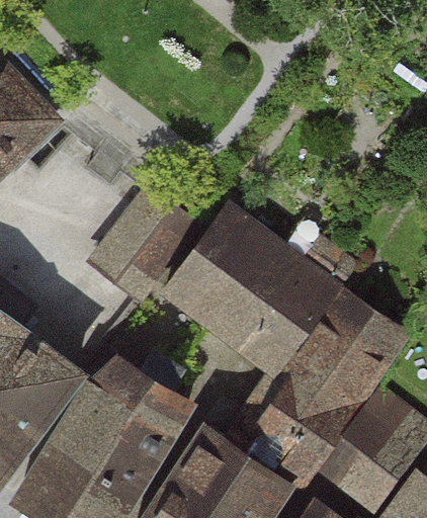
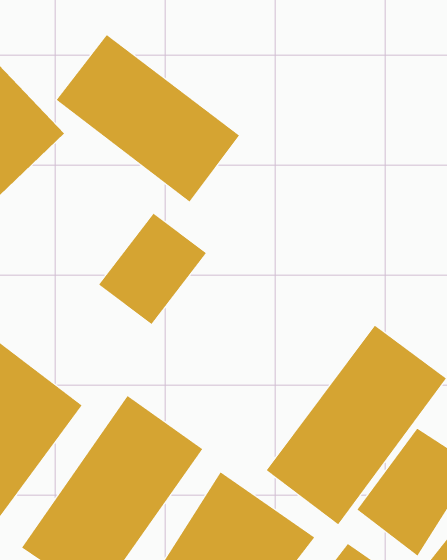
building: none -> [56,34,240,203]
building: [164,206,336,372] -> none

